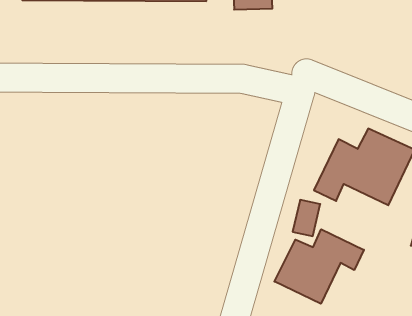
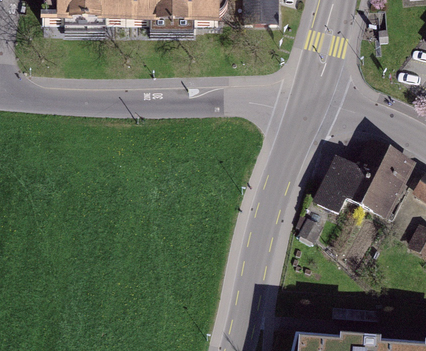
building: [274,229,364,304] -> none

